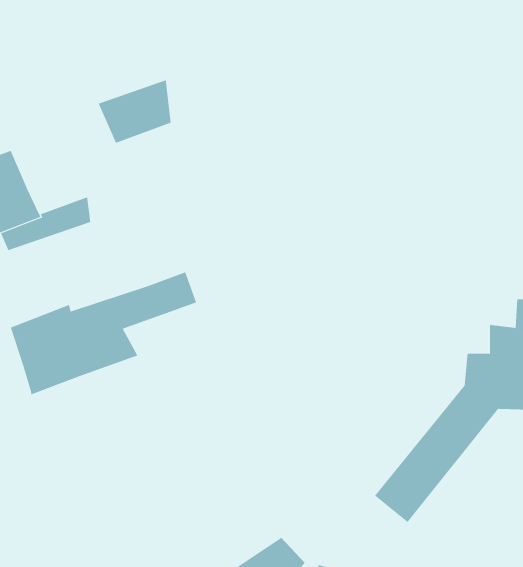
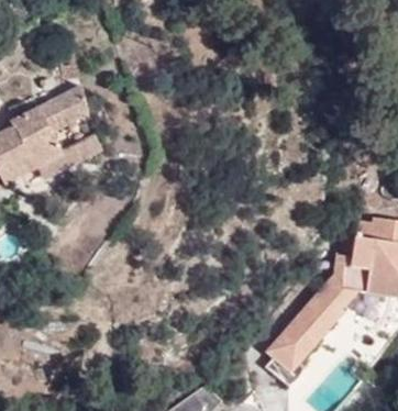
building: [98,80,171,144] -> [24,97,75,141]
building: [10,272,197,395] -> none

